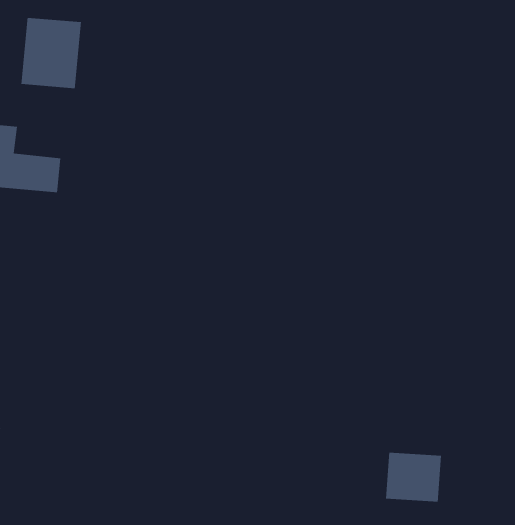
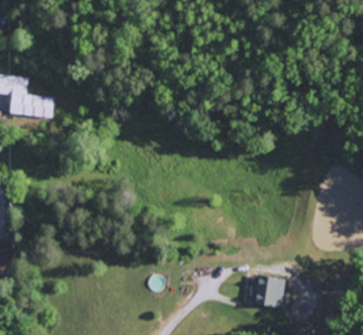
building: [21,17,81,89] -> none

